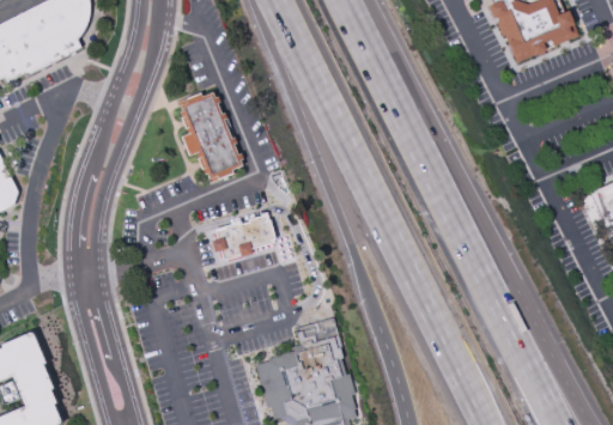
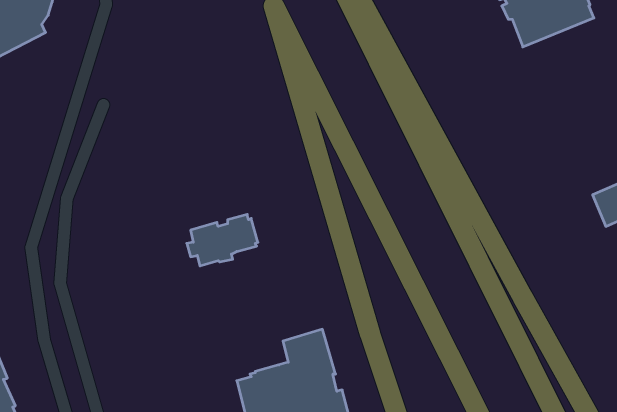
building: [181,92,243,182] -> none

